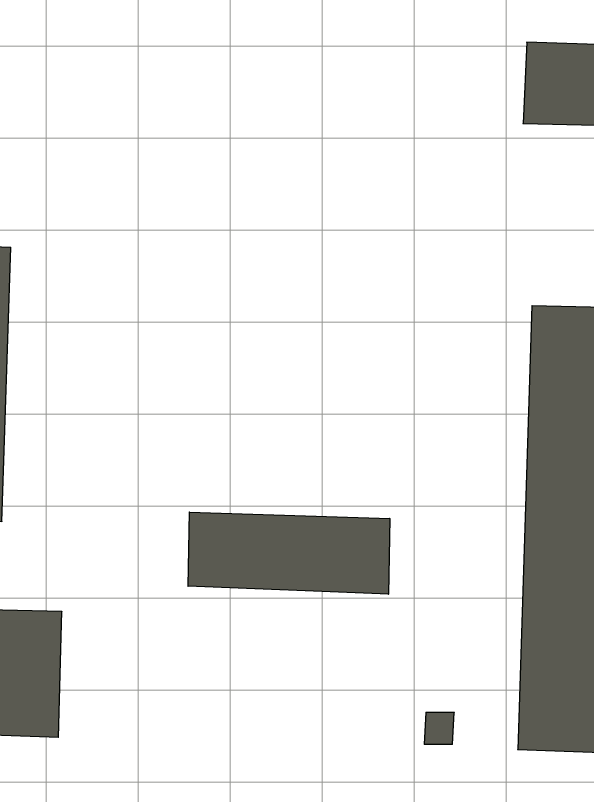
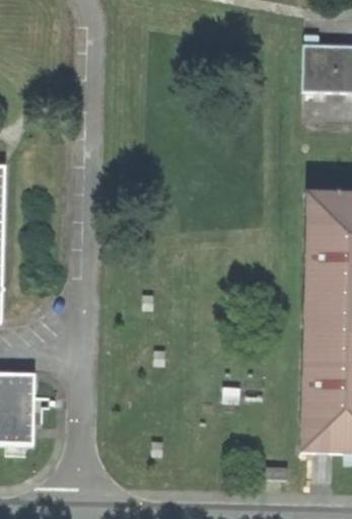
building: [188,512,390,594] -> none

